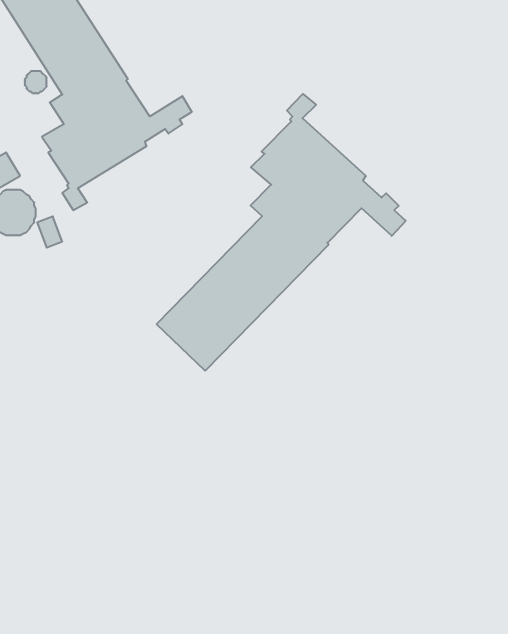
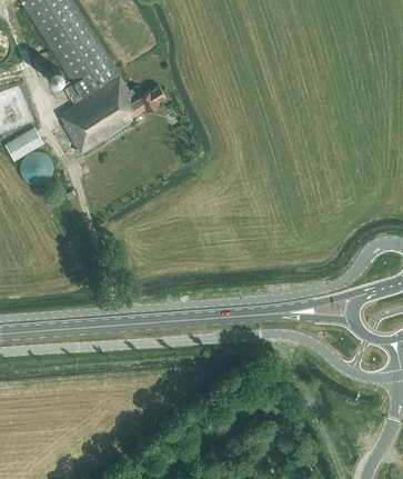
building: [157,94,406,371] -> none

